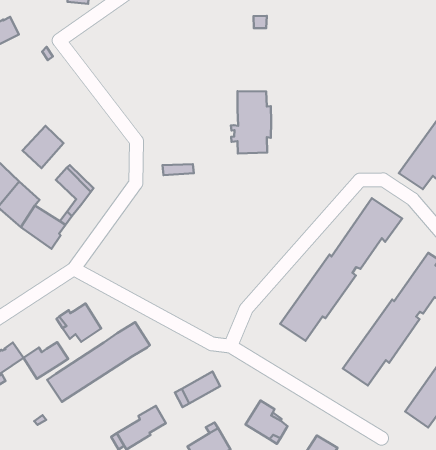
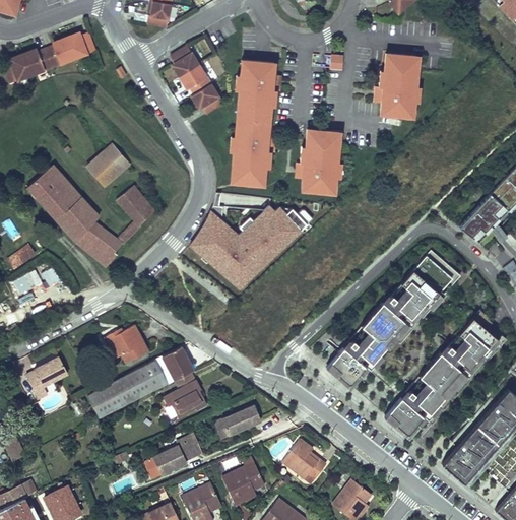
building: none -> [375,54,421,117]
building: none -> [171,46,223,114]
building: none -> [233,61,281,186]
building: none -> [190,204,306,292]
building: [24,342,68,379] -> none
building: none -> [165,375,207,418]

